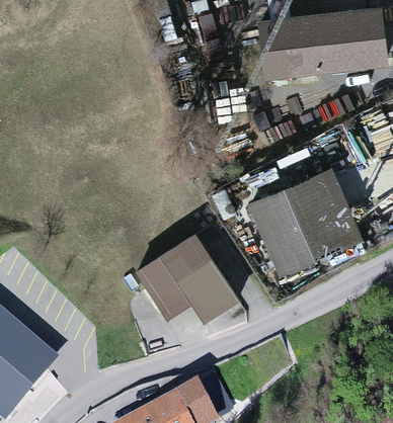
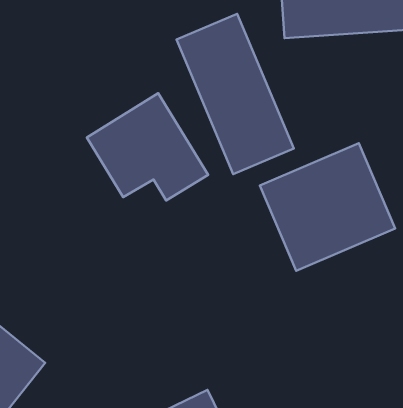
building: none -> [176,14,294,174]
building: [134,230,239,323] -> [87,93,208,201]

